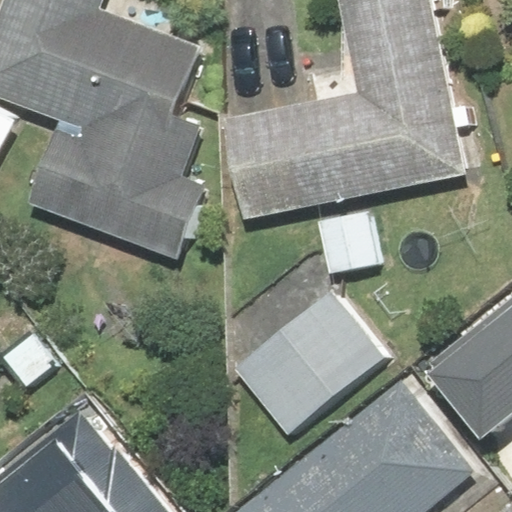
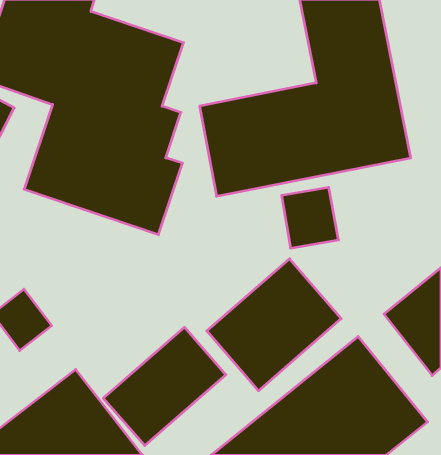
building: none -> [103,327,226,446]

